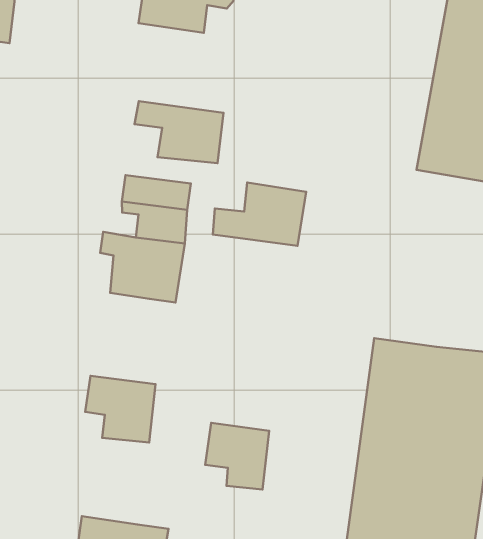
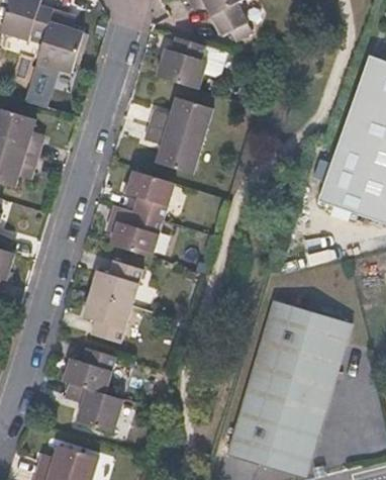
building: [213,182,306,246] -> [149,96,212,141]
building: none -> [89,259,141,306]
building: [205,423,269,489] -> none
building: none -> [63,348,114,393]

